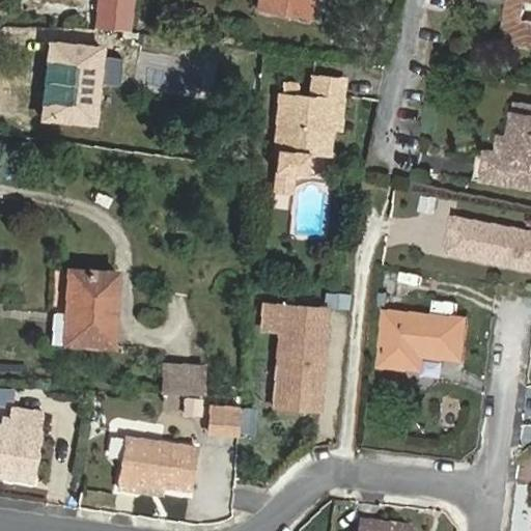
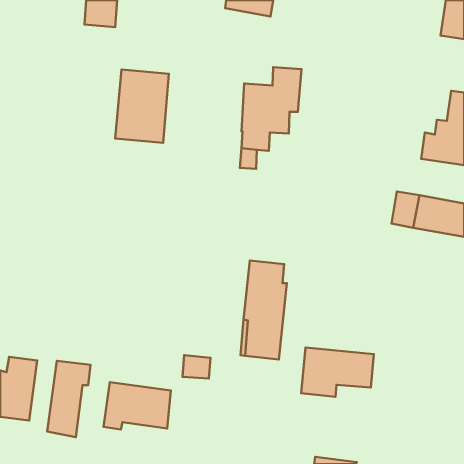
building: [40,40,102,124] -> [115,69,169,143]
building: [65,271,116,344] -> none
building: [381,313,464,369] -> [301,348,374,397]
building: [163,365,204,393] -> none
building: none -> [47,361,91,437]

